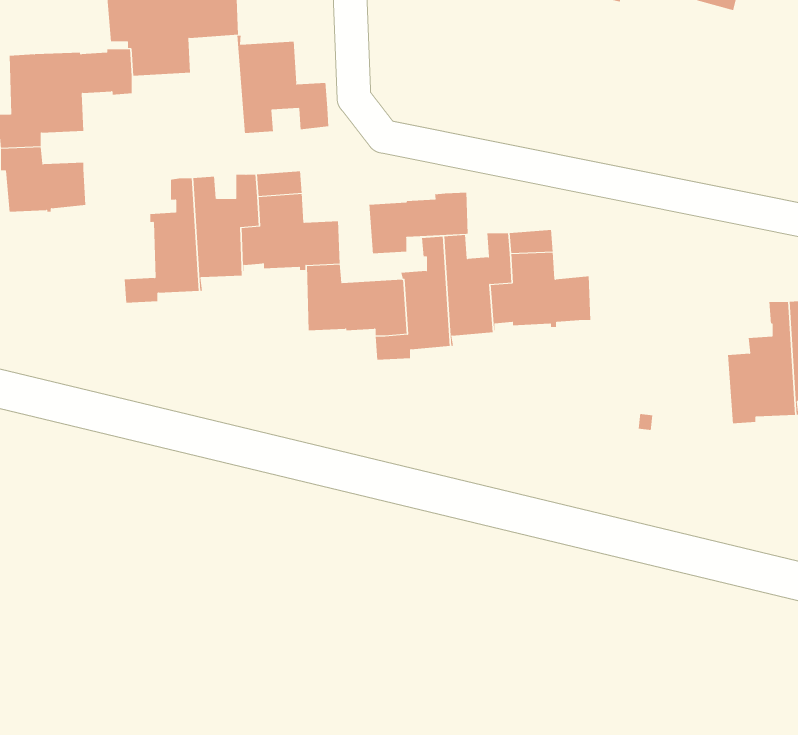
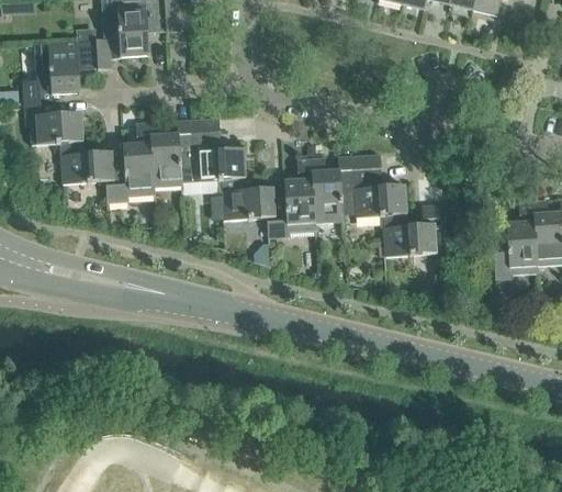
building: [237,35,329,134] -> none
building: [369,192,468,254] -> none
building: none -> [61,138,127,186]
building: none -> [383,203,441,255]

